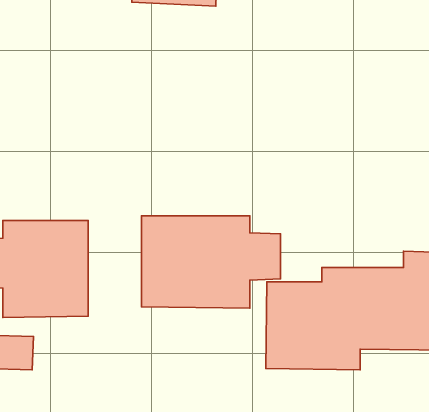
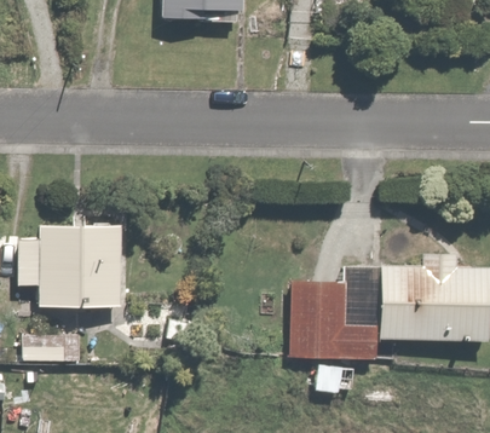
building: [142,216,281,308] -> none

